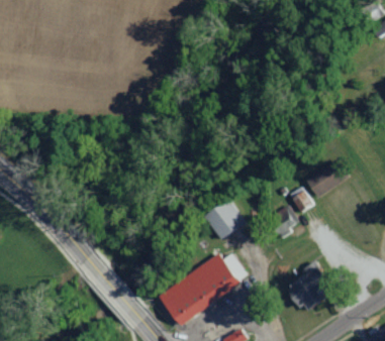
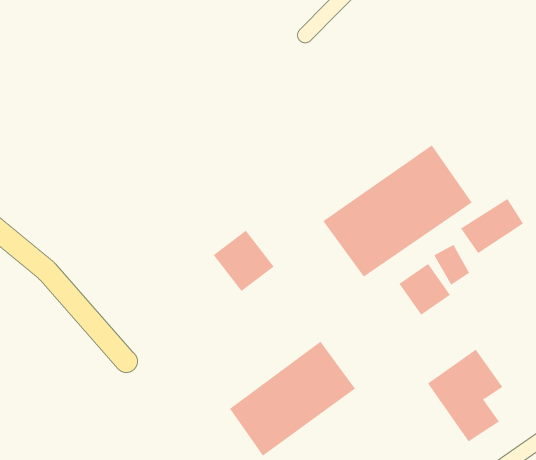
building: none -> [323,144,472,278]
building: [205,199,245,238] -> [213,230,275,292]

